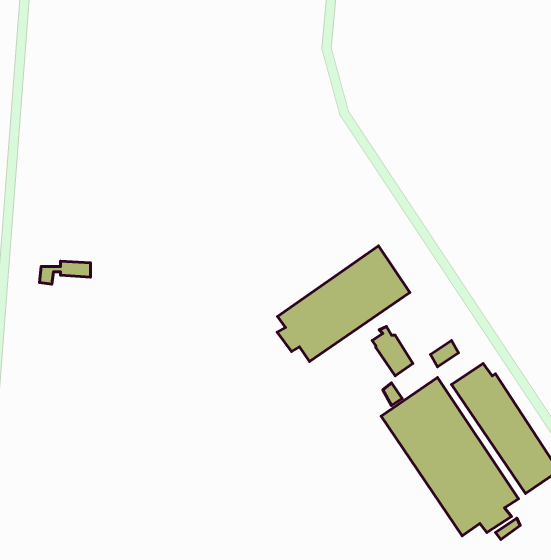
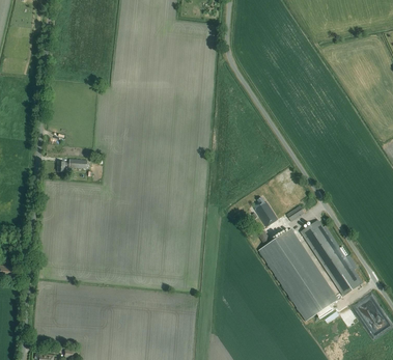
building: [277,246,410,362] -> none

